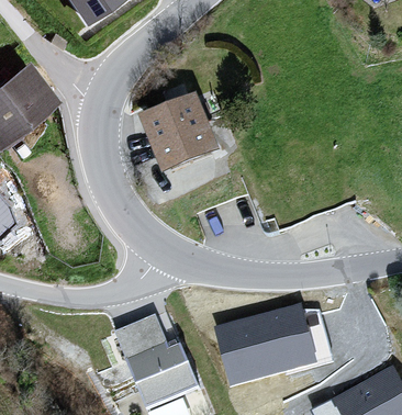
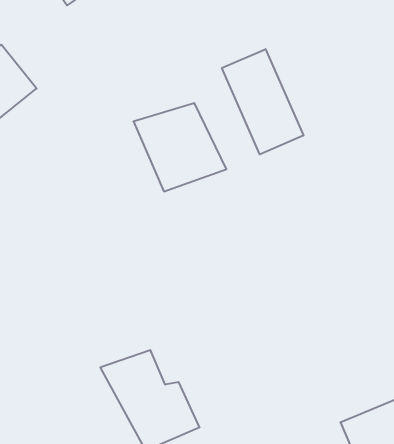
building: none -> [222,49,303,154]
building: [212,300,322,386] -> none

